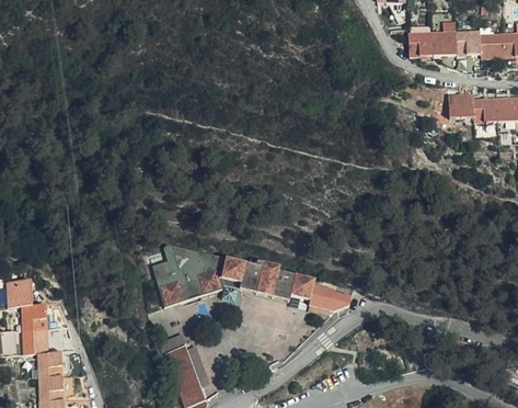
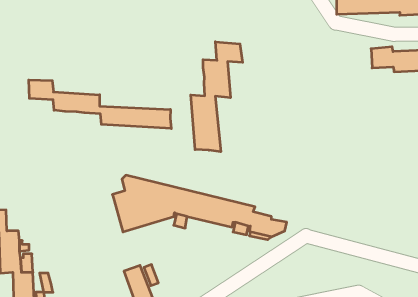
building: none -> [191,42,243,152]
building: none -> [29,80,171,129]

